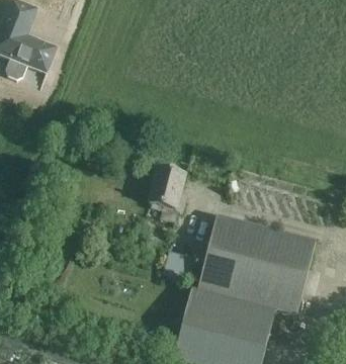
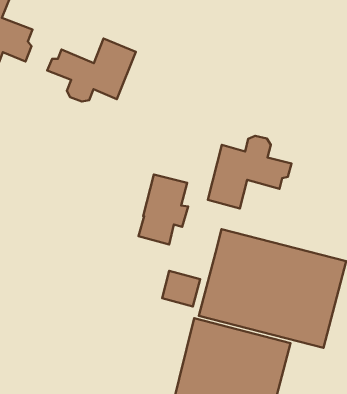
building: none -> [47,39,136,102]
building: none -> [208,136,292,209]

